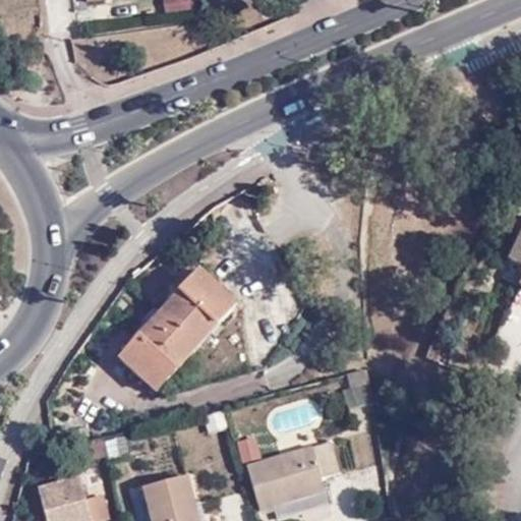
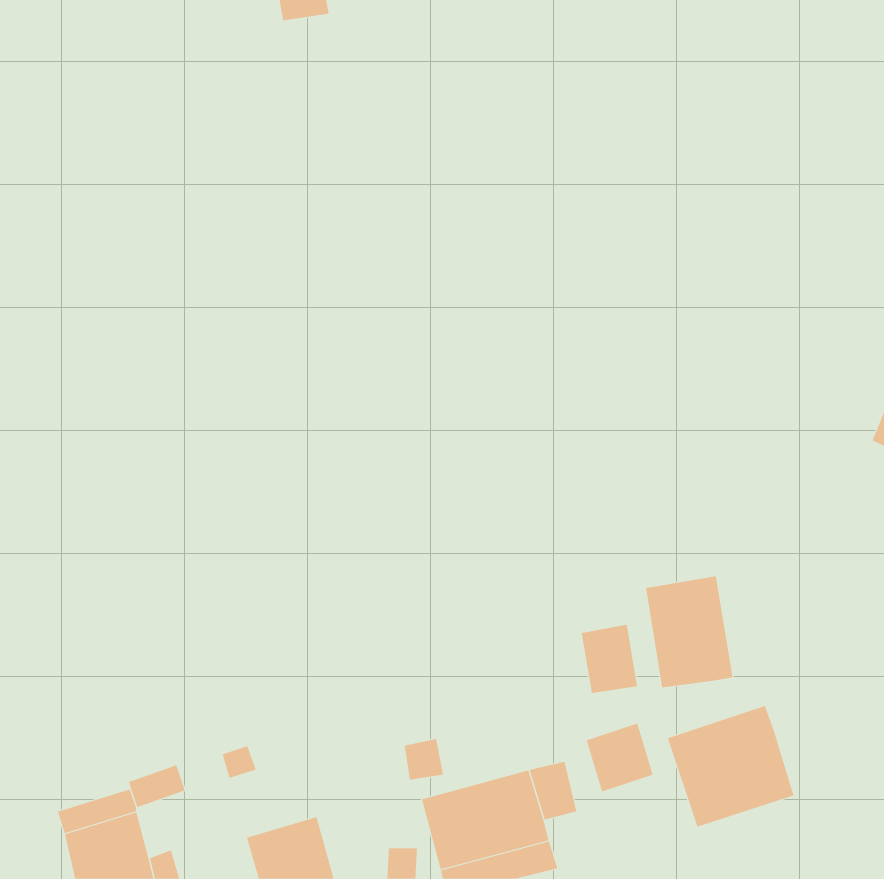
building: [120,265,232,388] -> none
building: none -> [646,575,733,688]
building: none -> [667,705,794,828]

